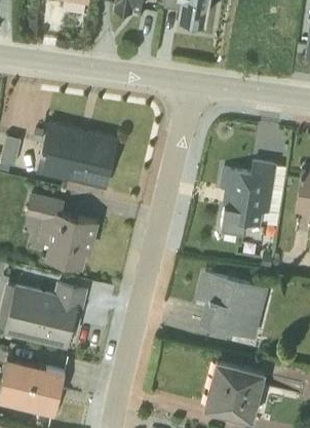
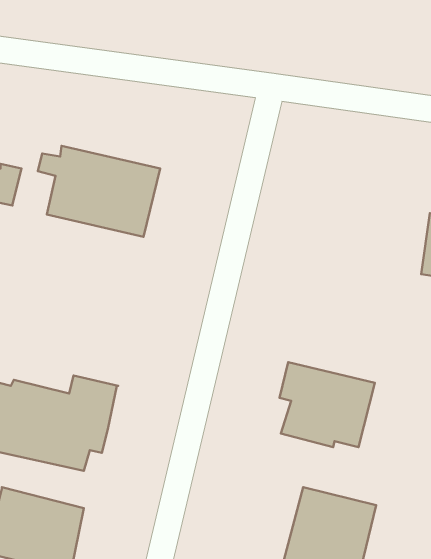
building: [222,162,286,236] -> none
building: [27,193,99,268] -> none

